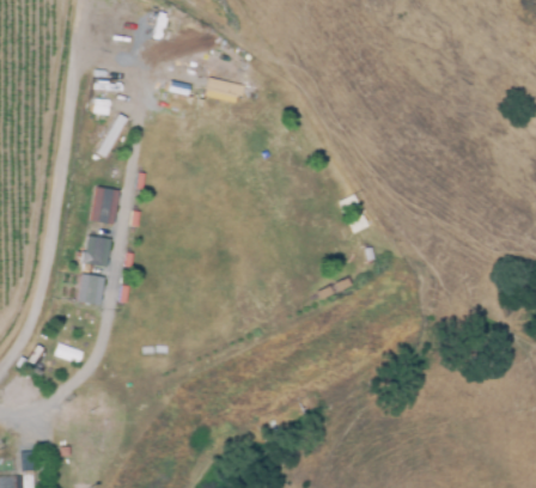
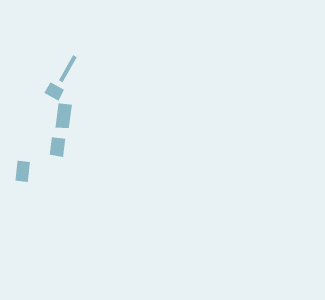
building: none -> [43,81,65,102]
building: [78,273,102,306] -> [14,160,31,183]

